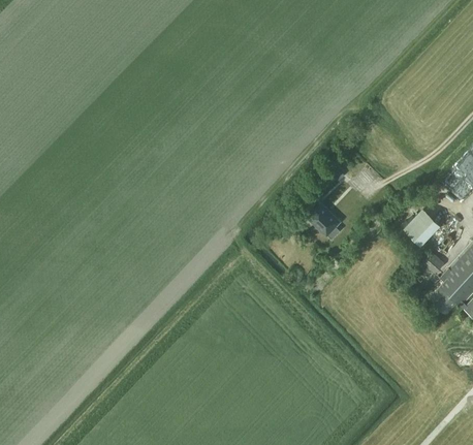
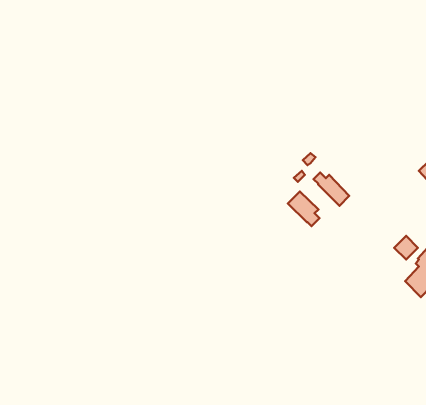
building: none -> [314,173,349,206]
building: [408,204,445,243] -> none

